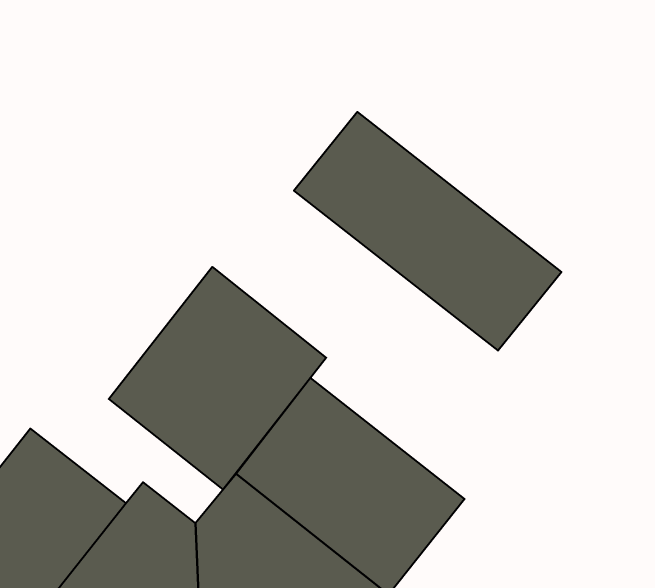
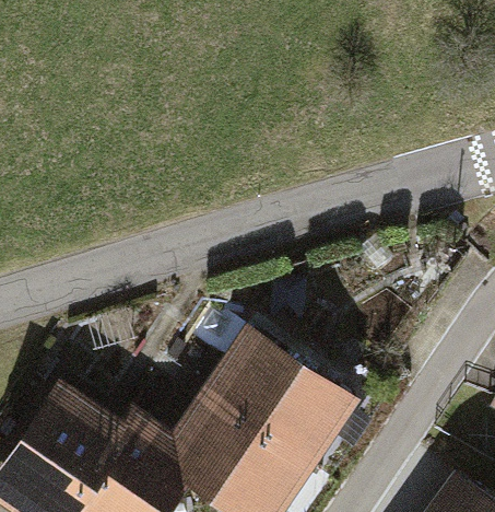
building: [294,112,561,351] -> none
building: [109,267,326,490] -> none

